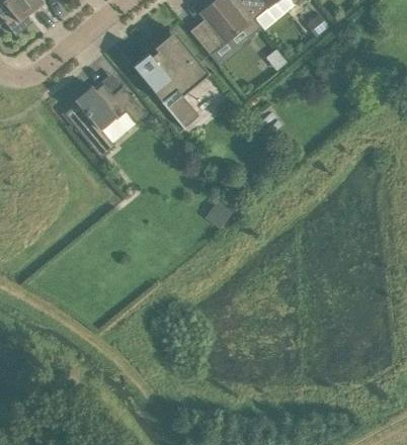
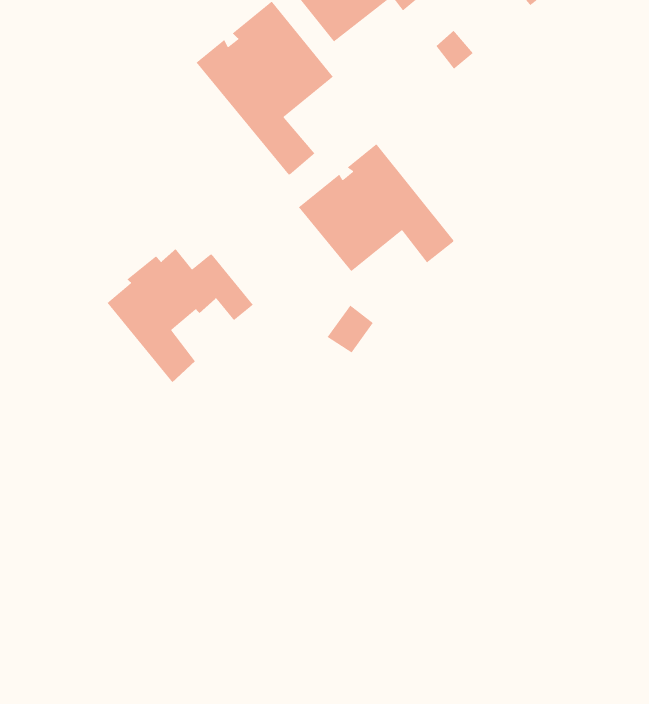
building: [65,82,147,157] -> [107,248,254,383]
building: none -> [298,143,454,272]

